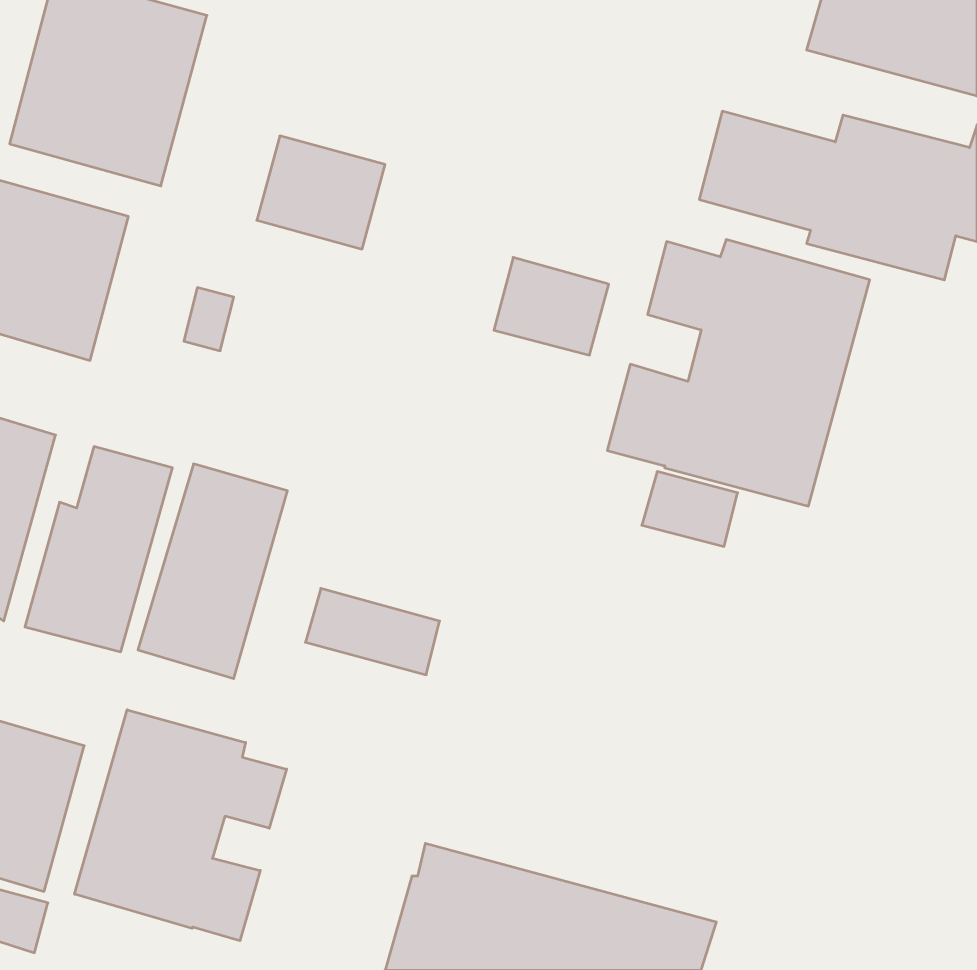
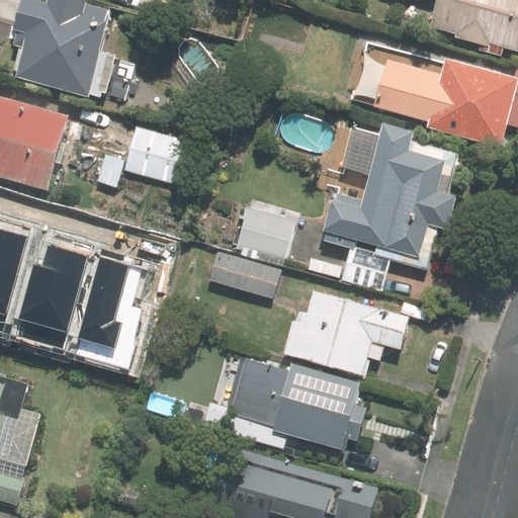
building: [257,136,385,249] -> [123,125,191,185]
building: [494,257,609,355] -> [237,206,297,258]
building: none -> [284,289,406,376]
building: [305,588,440,675] -> [208,252,279,297]
building: none -> [231,358,363,451]
building: [75,710,287,941] -> none

